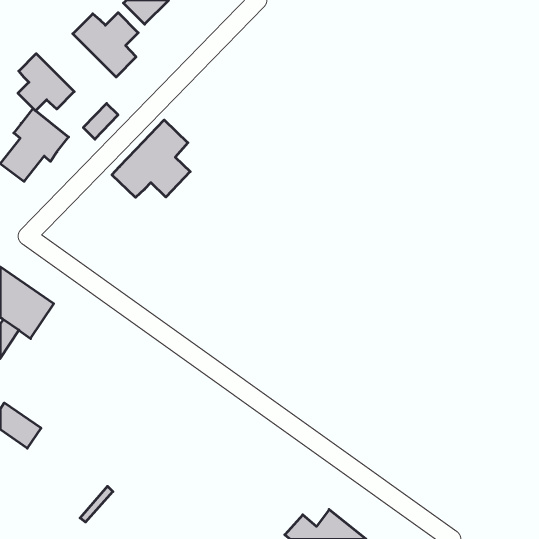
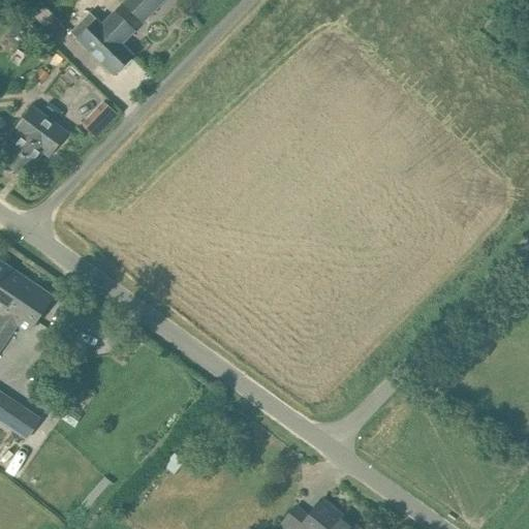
building: [18,54,74,111] -> none
building: [112,120,190,197] -> none

